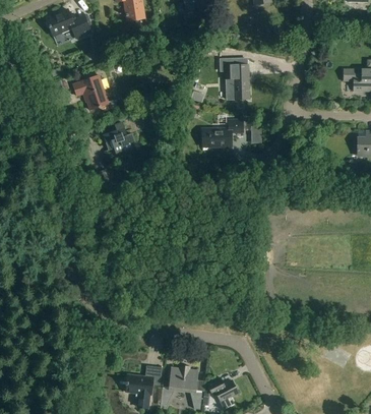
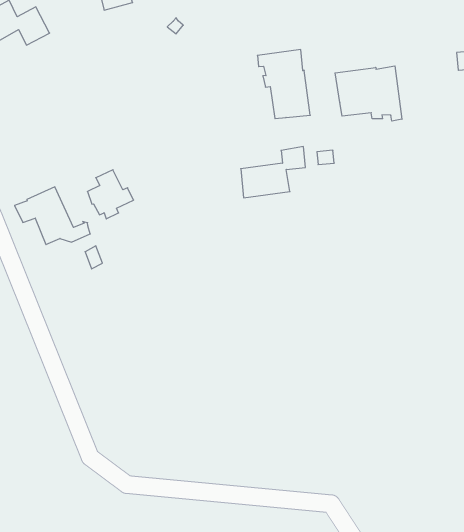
building: none -> [335,66,402,121]
building: [72,75,118,111] -> [15,187,90,245]

